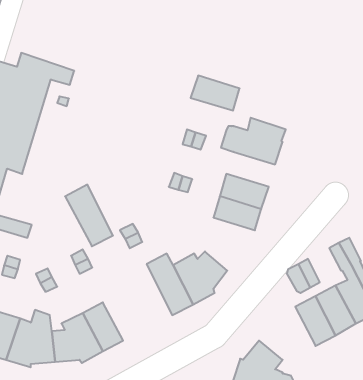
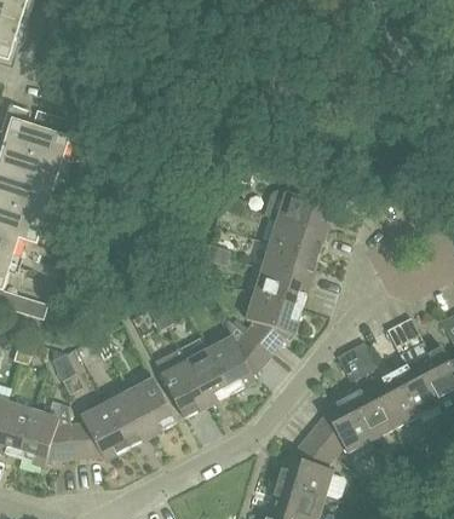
building: [191,76,240,111] -> [269,219,324,259]
building: [65,185,113,246] -> [153,347,207,417]
building: none -> [245,294,301,354]
building: none -> [128,377,176,434]
building: none -> [306,396,370,456]

